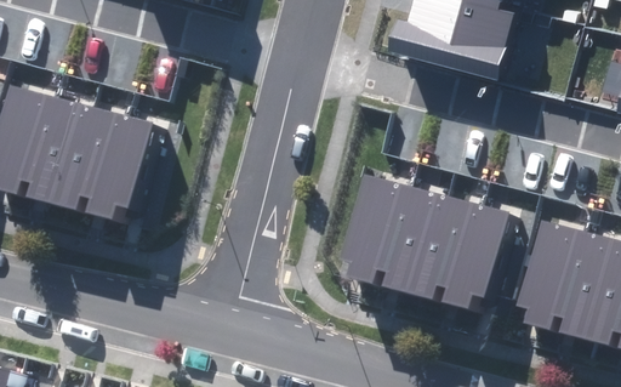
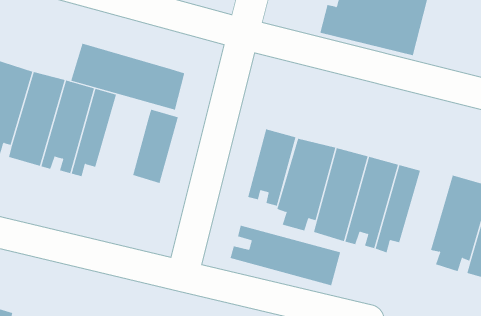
building: none -> [70,43,185,111]
building: none -> [132,109,179,184]
building: none -> [247,129,296,207]
building: none -> [230,225,341,286]

